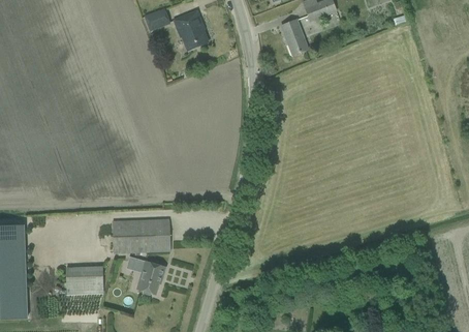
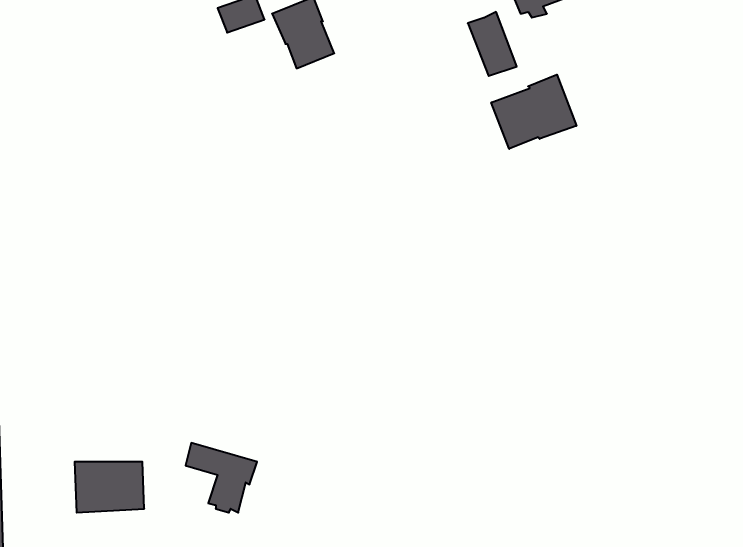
building: none -> [491,75,576,149]
building: [112,218,170,252] -> none

